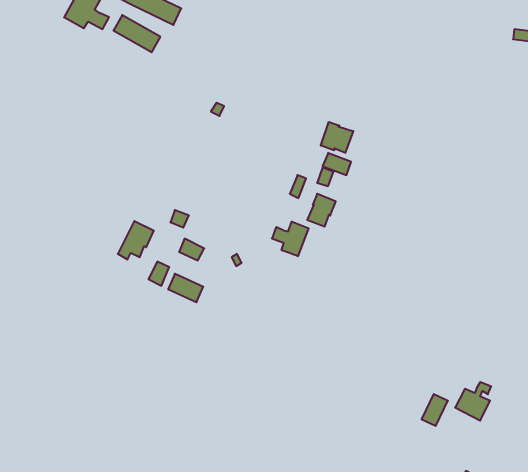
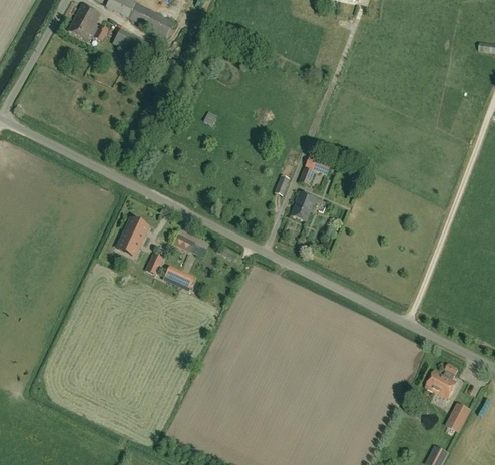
building: [321,122,353,153] -> none
building: [272,222,309,256] -> none
building: [422,394,448,426] -> [447,403,471,432]

